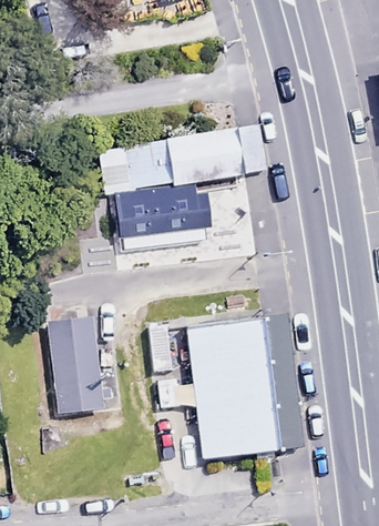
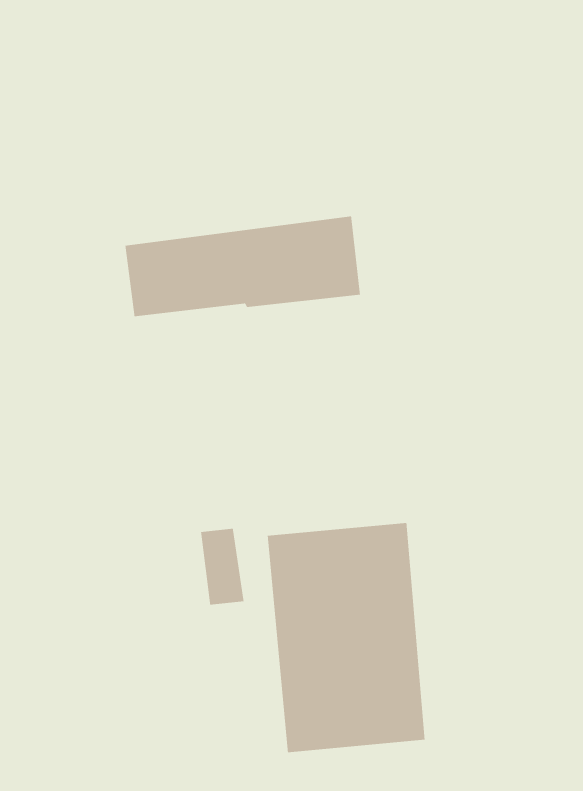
building: [139,191,213,250] -> none
building: [45,315,103,414] -> none

